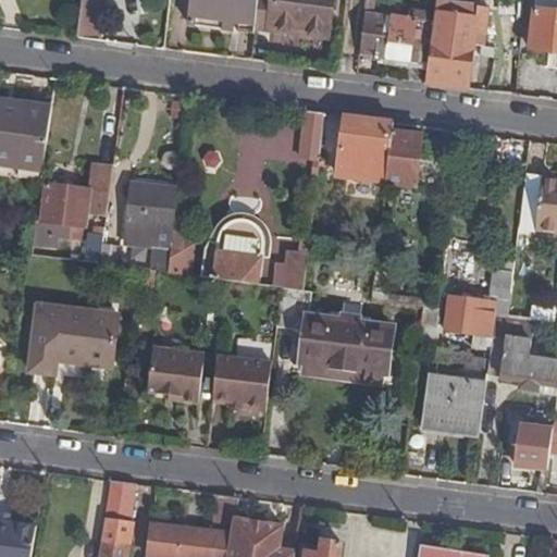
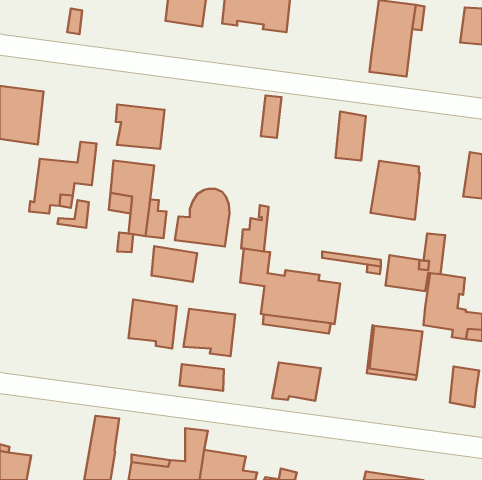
building: [359,14,432,62] -> none
building: [335,114,392,182] -> [371,161,420,220]
building: none -> [116,104,164,149]
building: none -> [152,246,197,282]
building: [29,305,117,373] -> none
building: none -> [272,362,321,401]
building: none -> [179,364,224,391]

